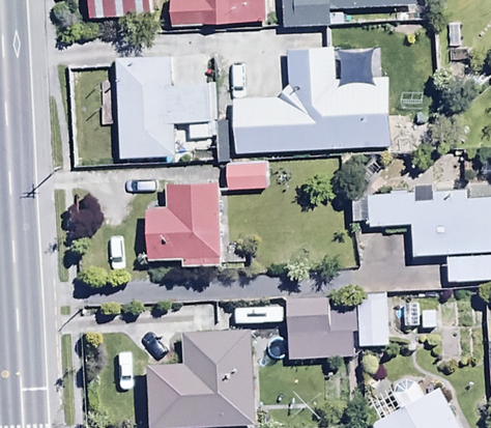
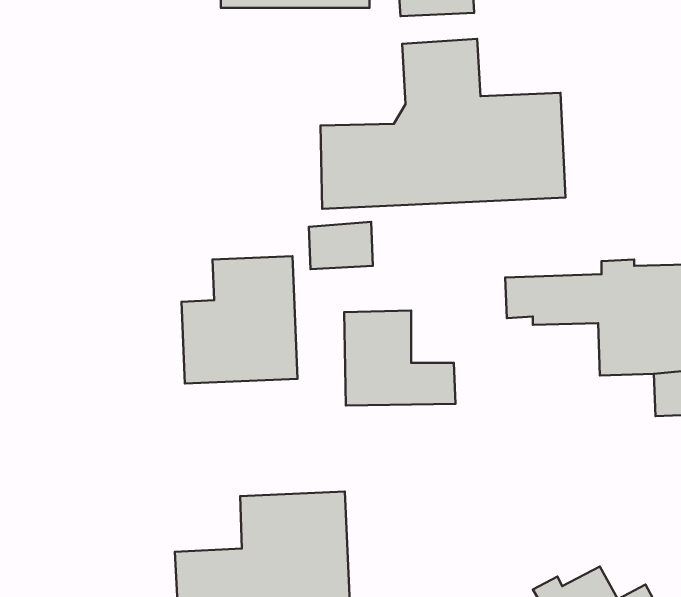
building: [114,54,214,156] -> none
building: [356,294,388,347] -> none
building: [285,299,355,360] -> [344,311,455,405]

